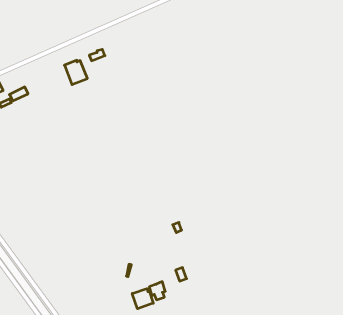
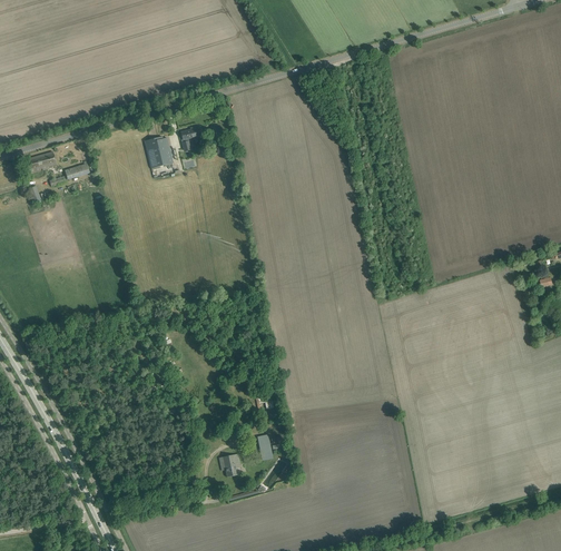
building: [132,289,153,309] -> none

